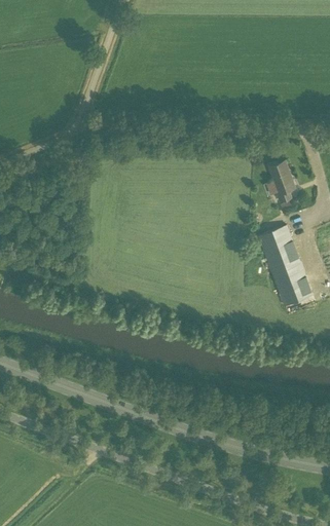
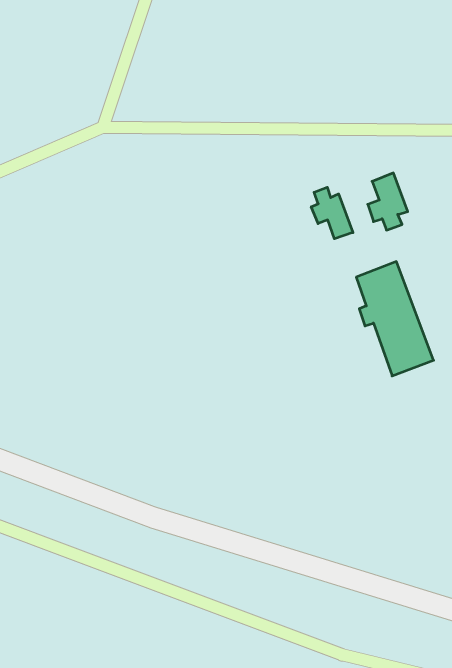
building: none -> [311,187,353,239]

